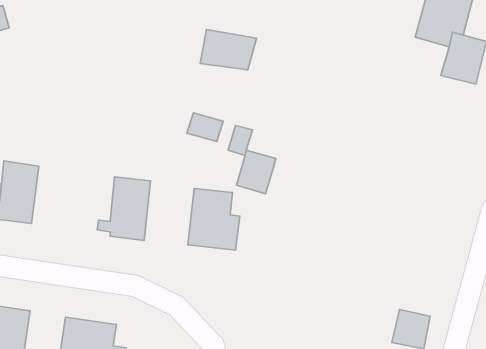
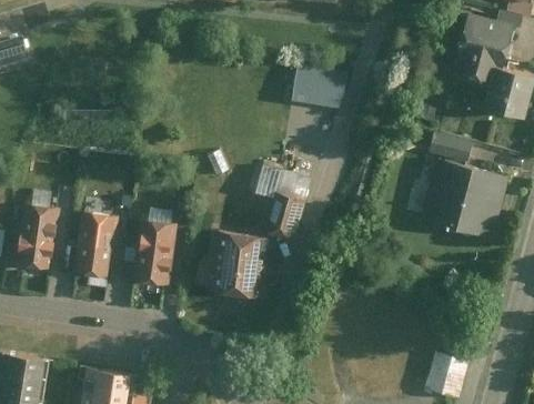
building: [200,29,256,70] -> [290,65,349,108]
building: none -> [419,132,504,240]
building: [187,113,223,142] -> [275,168,313,198]
building: none -> [73,209,117,273]

